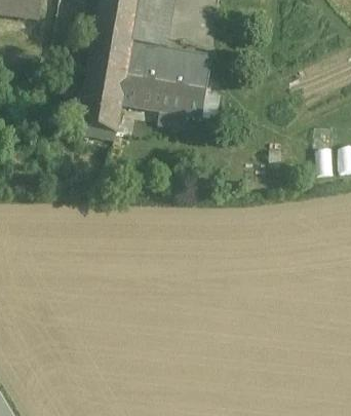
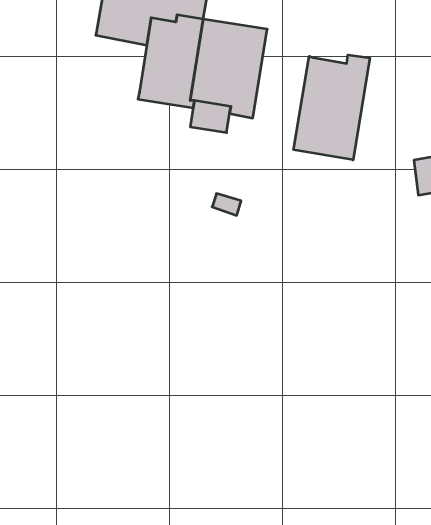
building: [75,59,127,133] -> none
building: none -> [294,55,370,160]

